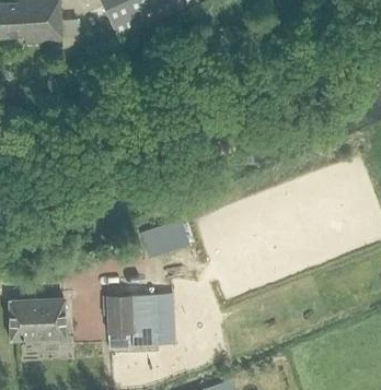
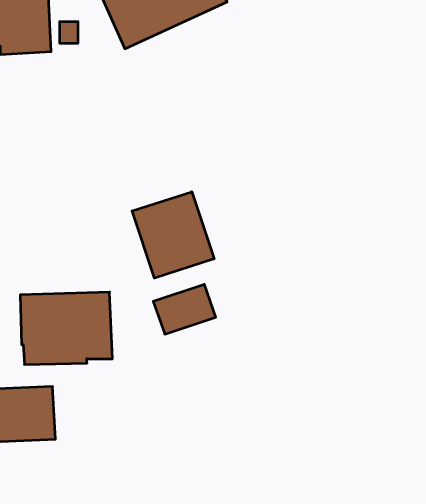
building: none -> [132,192,214,278]
building: [105,294,176,350] -> [20,292,112,364]

